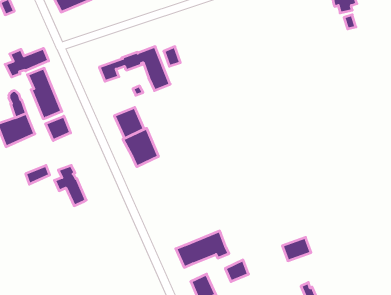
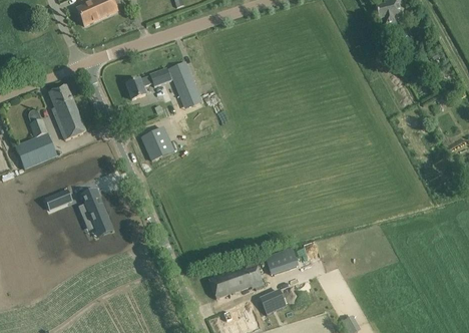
building: [5,48,49,77] -> none
building: [46,116,71,141] -> none
building: [123,128,158,167] -> none
building: [282,237,311,261] -> [267,249,298,274]

